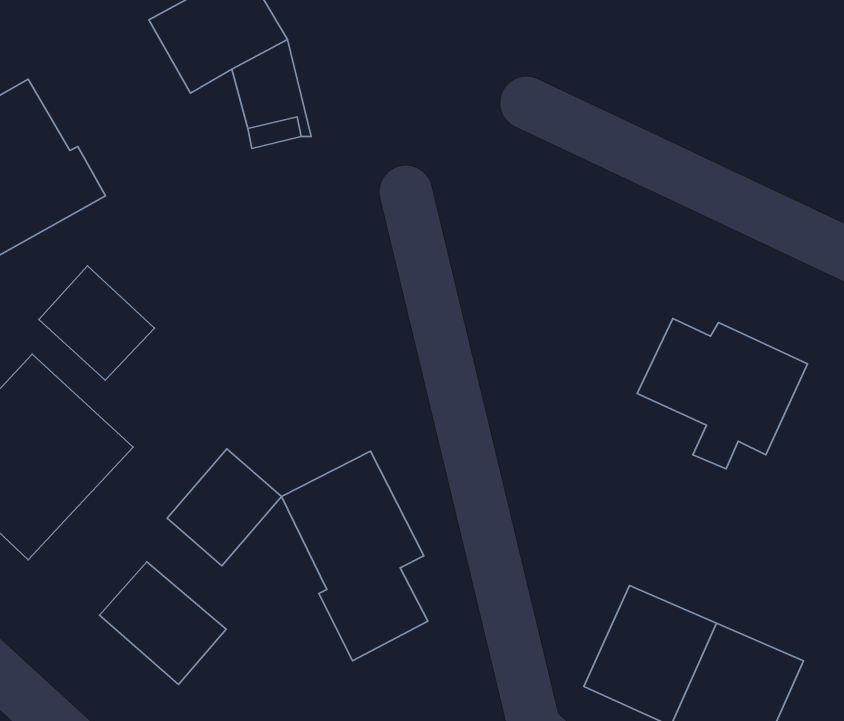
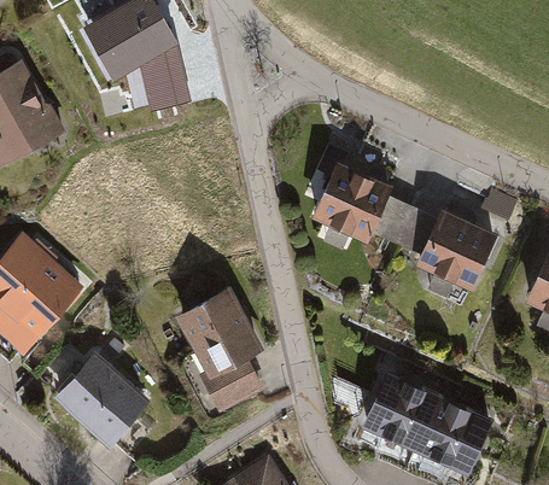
building: none -> [311,160,413,253]
building: [39,266,154,380] -> none
building: [167,449,281,566] -> none

